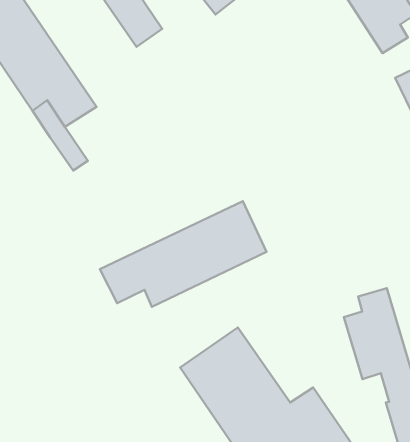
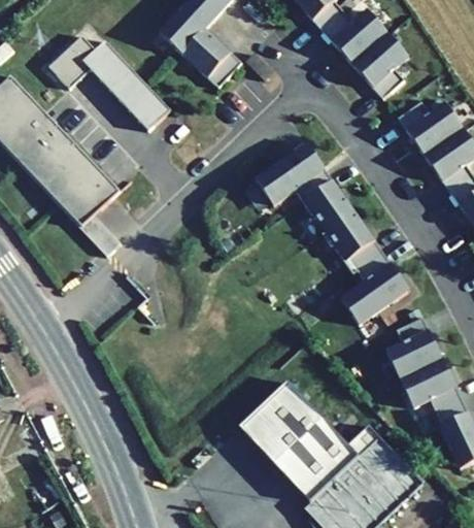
building: none -> [255,144,408,326]
building: [100,201,267,307] -> none

